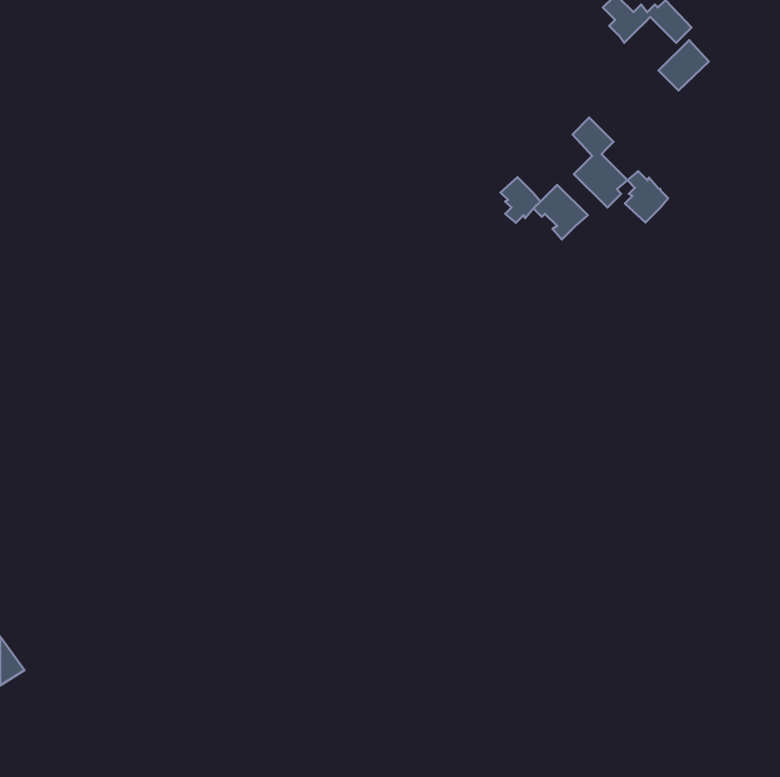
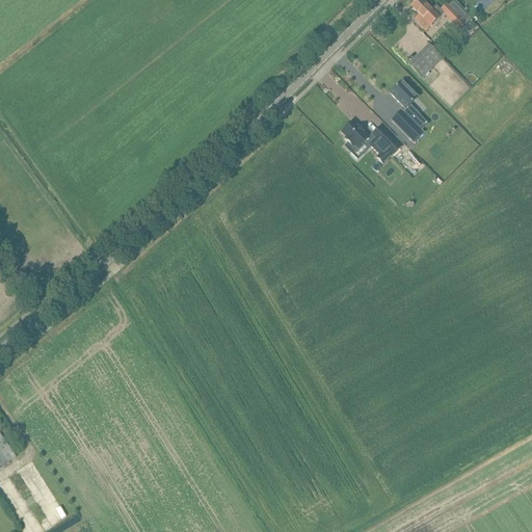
building: [659,40,709,90] -> [407,43,442,77]
building: [625,171,668,223] -> none

